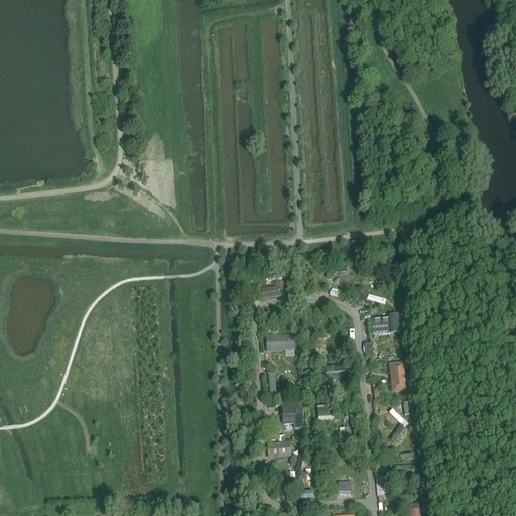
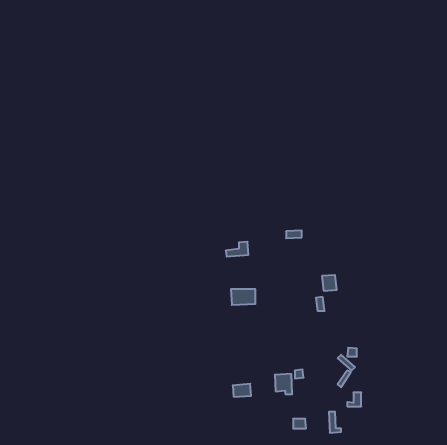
building: [388,361,406,391] -> none
building: [282,403,302,426] -> [275,374,292,394]

